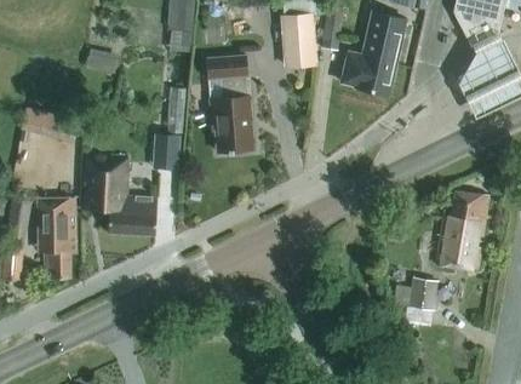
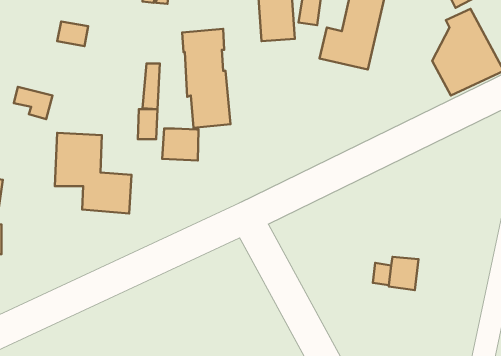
building: none -> [162,128,198,160]
building: [435,190,488,270] -> none
building: [35,196,78,279] -> none

